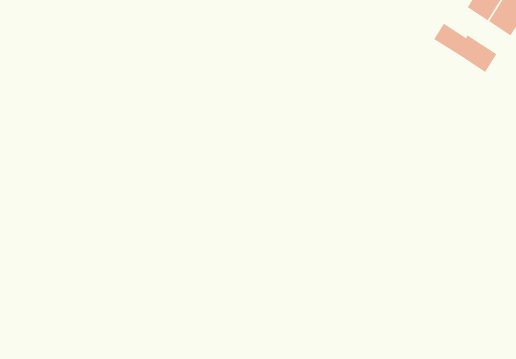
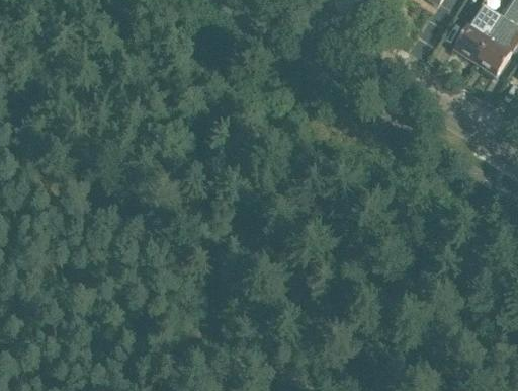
building: [433,23,497,73] -> none

